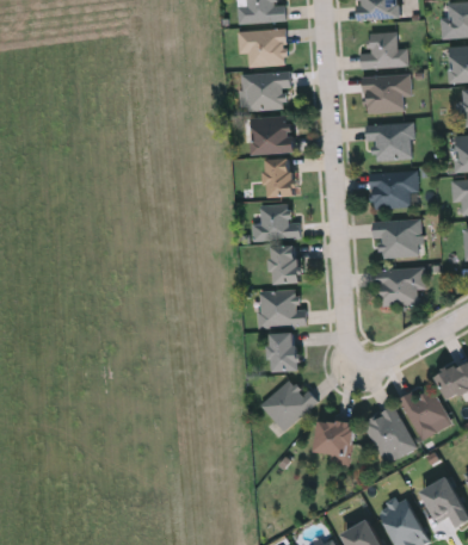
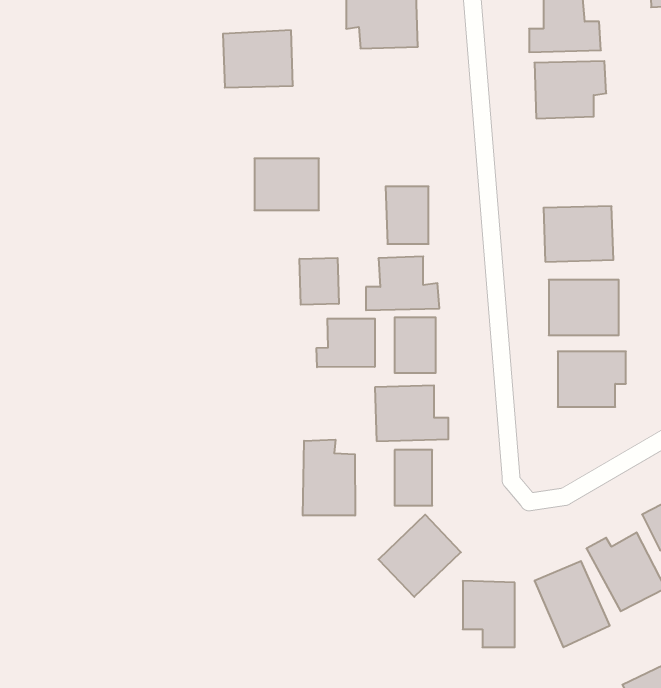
building: [242,72,289,110] -> [223,30,293,88]
building: [250,118,292,153] -> [254,158,319,210]
building: [367,123,412,160] -> none
building: none -> [300,258,339,305]
building: none -> [317,319,375,367]
building: none -> [303,440,355,516]

